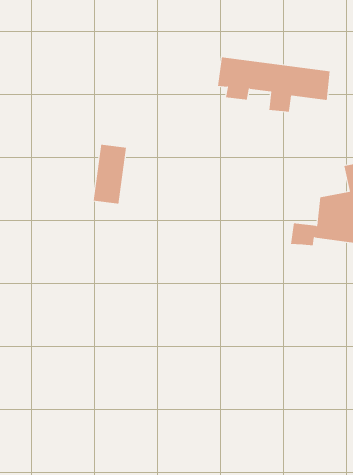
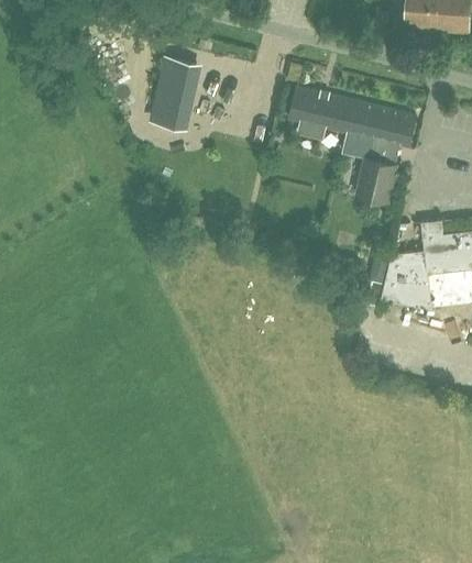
building: none -> [359,156,397,201]
building: [93,144,127,204] -> [154,58,197,126]

